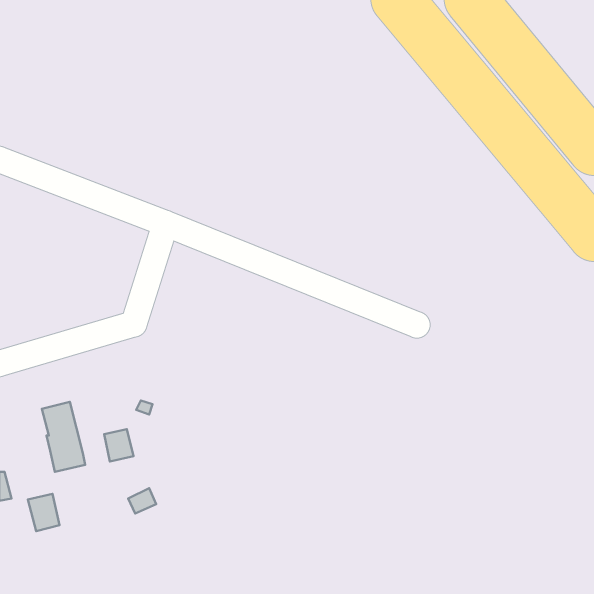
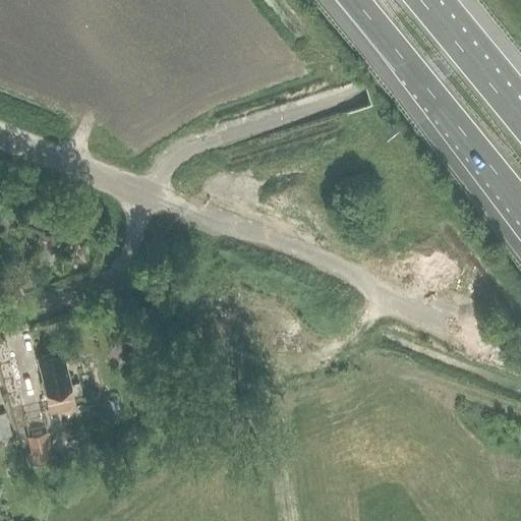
building: [104,429,133,462] -> none

